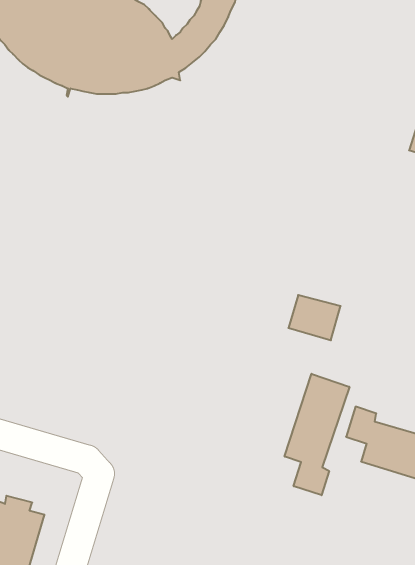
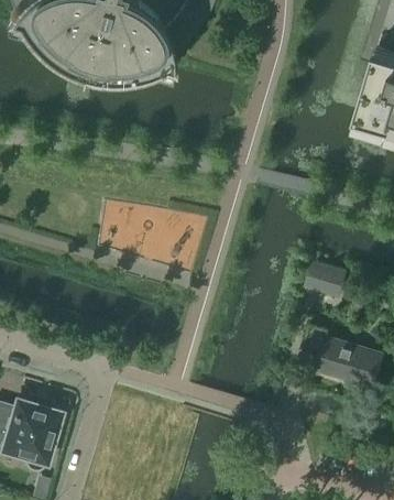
building: [288,295,341,340] -> [306,265,348,302]
building: [285,374,349,495] -> none

